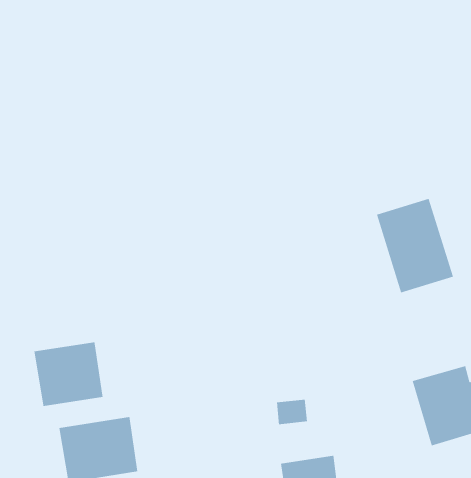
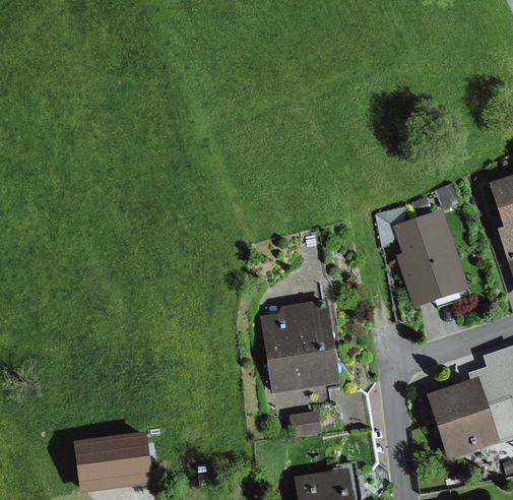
building: none -> [265,302,339,390]
building: [34,341,103,407] -> none

